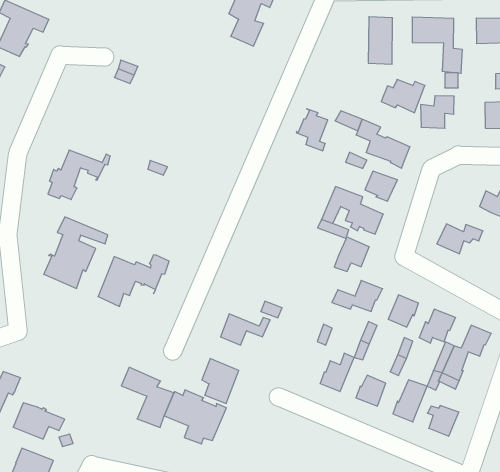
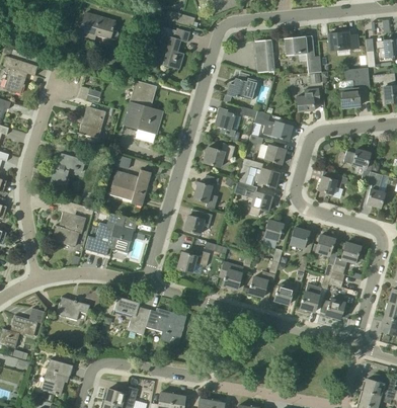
building: none -> [123,80,163,134]
building: [381,79,425,113] -> [227,78,255,99]
building: none -> [77,106,105,139]
building: none -> [204,143,235,167]
building: none -> [109,169,151,206]
building: none -> [192,174,219,208]
building: none -> [184,209,213,234]
building: [202,358,239,403] -> [219,260,243,290]
building: [13,403,65,439] -> [56,297,90,320]

